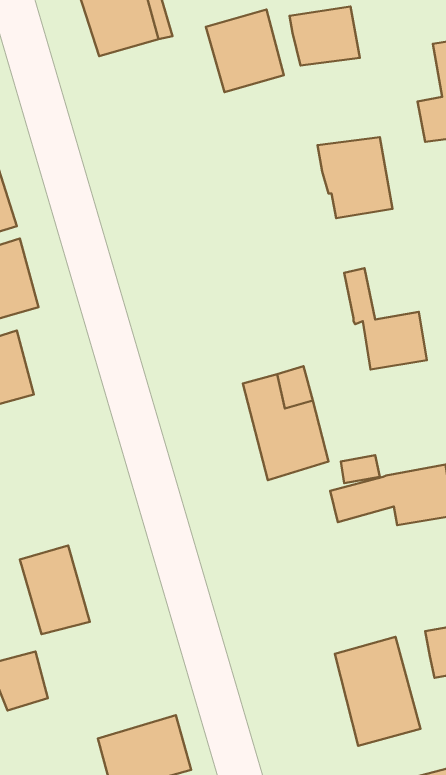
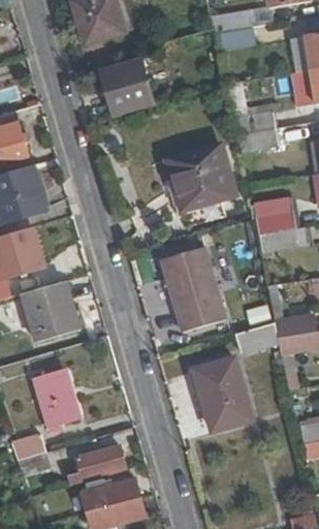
building: [206,10,284,92] -> [101,59,153,114]
building: none -> [167,148,234,209]
building: none -> [24,281,79,343]
building: [335,637,421,746] -> [195,359,252,431]
building: none -> [62,447,130,489]

